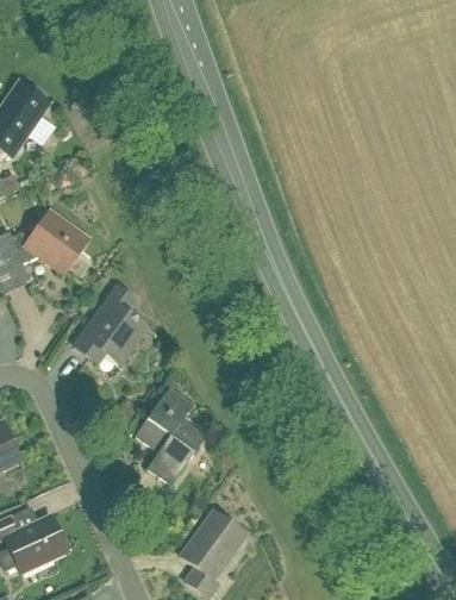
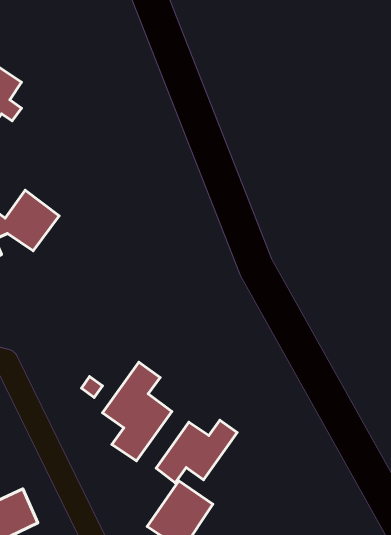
building: [74,286,148,363] -> none
building: none -> [156,420,237,483]

